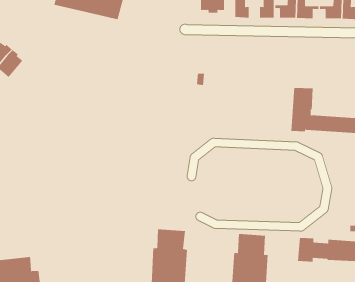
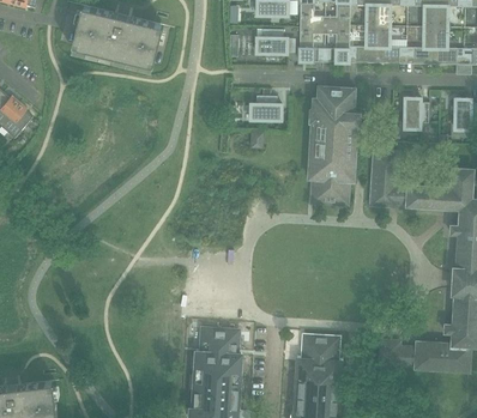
building: none -> [308,85,360,204]
building: none -> [249,95,280,120]
building: none -> [403,97,428,128]

